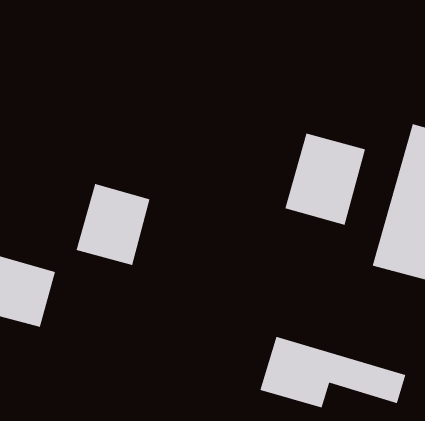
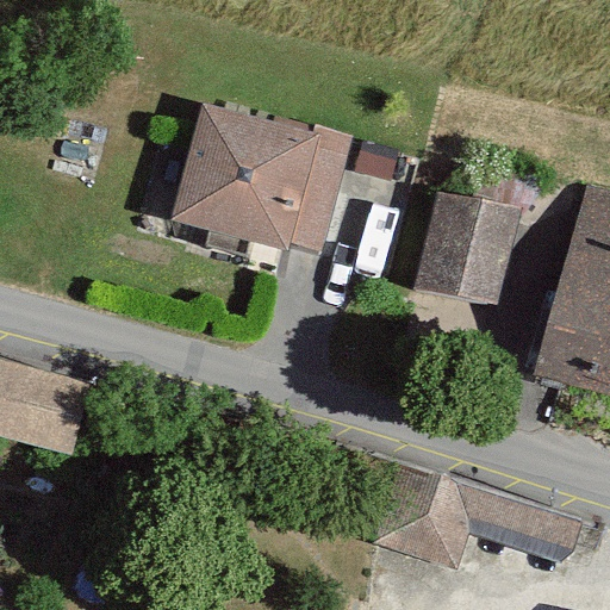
building: none -> [172,95,357,260]
building: [76,183,150,266] -> none

